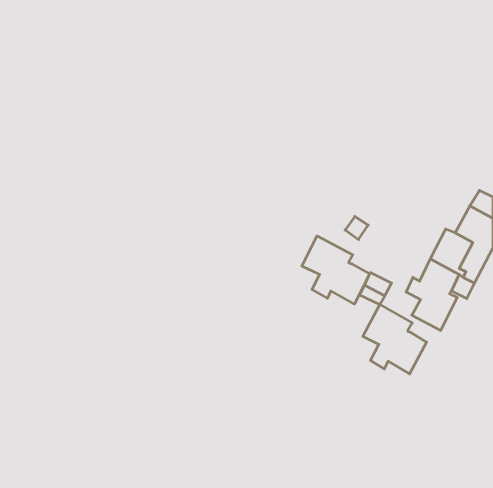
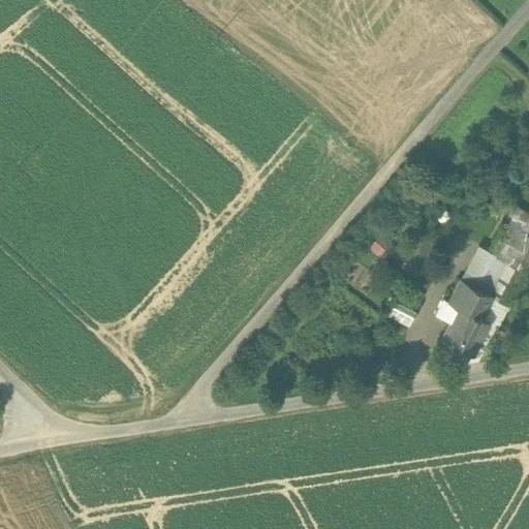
building: [302,236,370,304] -> none
building: [363,304,427,374] -> none

